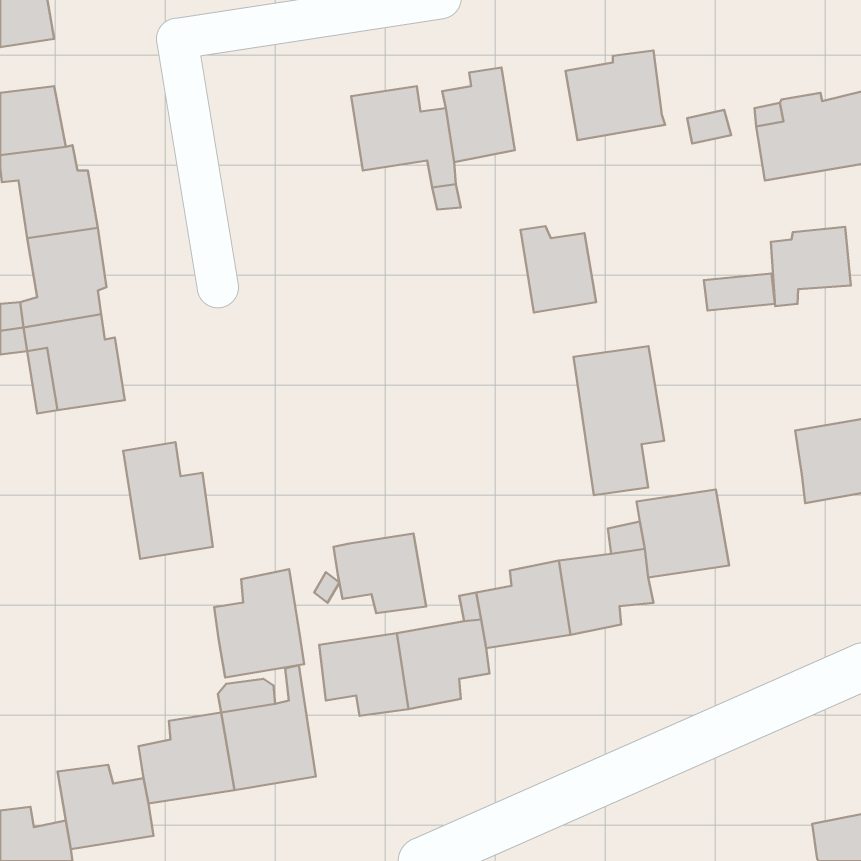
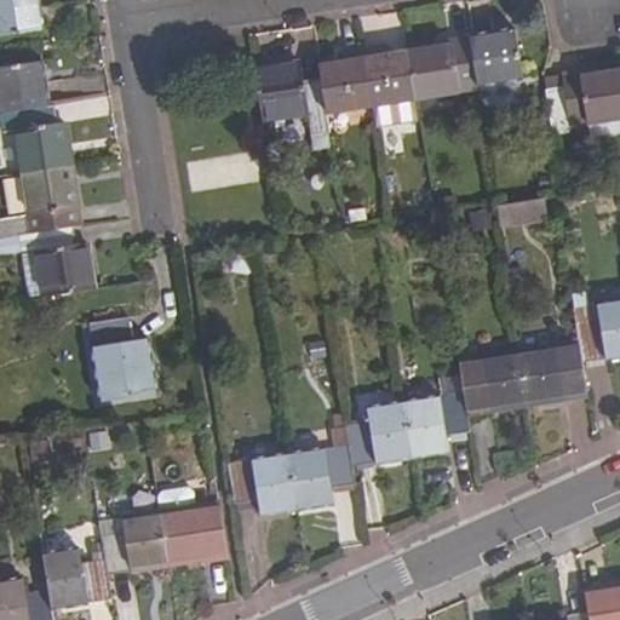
building: none -> [470,29,522,82]
building: [520,226,596,312] -> [361,46,415,108]
building: [771,227,851,306] -> none
building: [573,346,664,495] -> none
building: none -> [515,340,582,406]
building: [334,534,426,613] -> none
building: [214,569,304,677] -> none

